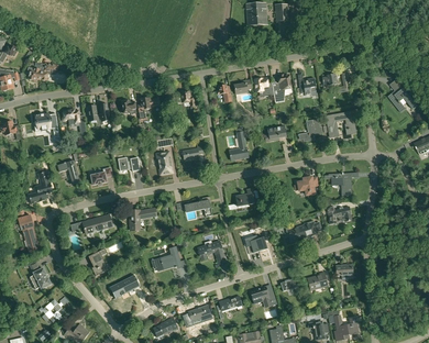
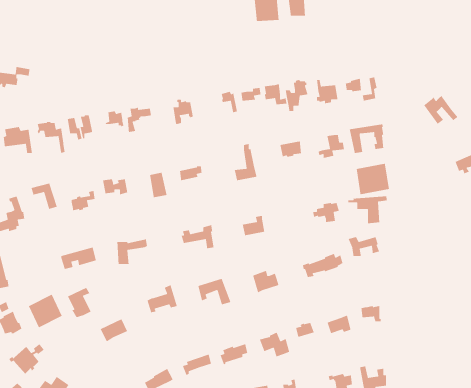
building: none -> [356,163,390,195]
building: none -> [28,293,63,329]

